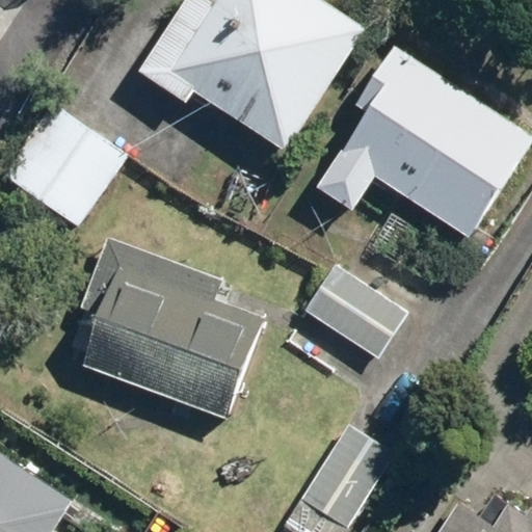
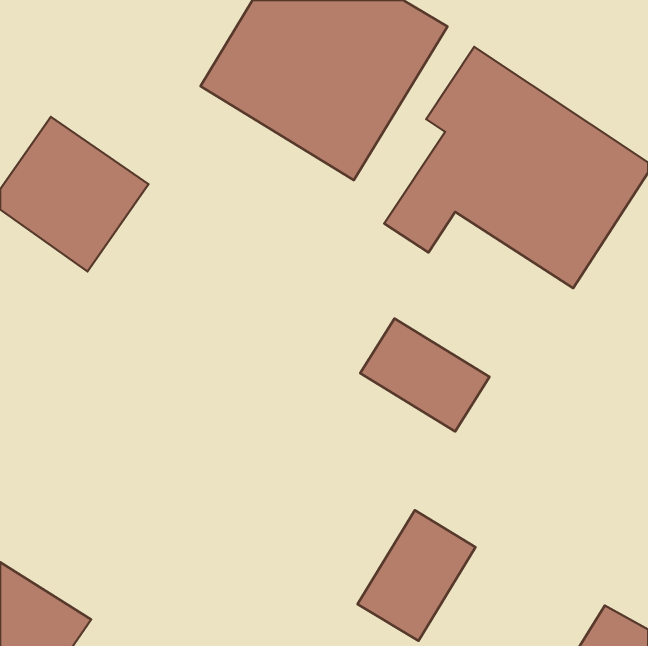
building: [64,247,280,417] -> none

